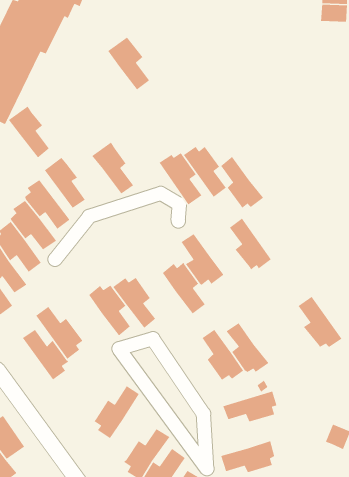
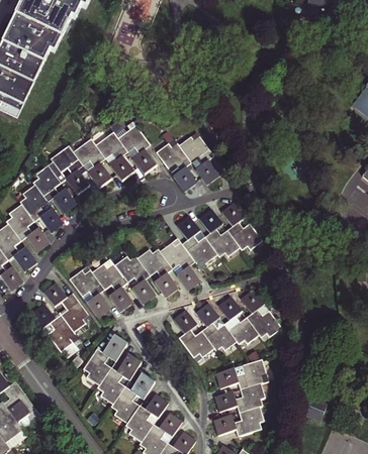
building: [107,36,150,90] -> [117,124,157,174]
building: [8,106,50,158] -> [73,138,111,187]
building: [220,156,264,209] -> [199,208,240,256]
building: none -> [137,244,177,296]
building: none -> [70,269,109,317]
building: [297,296,342,348] -> [240,289,281,336]
building: none -> [173,309,213,356]
building: none -> [83,336,126,384]
building: none -> [110,373,154,423]
building: none -> [214,382,265,412]

